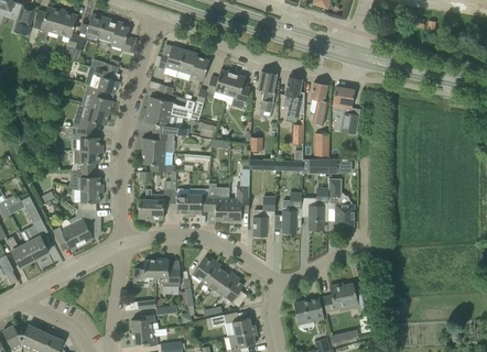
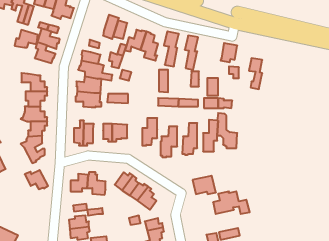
building: [158,46,184,77] -> none
building: [310,82,327,123] -> [249,58,262,89]
building: [77,107,108,130] -> [15,30,38,47]
building: [208,184,229,222] -> none
building: [52,224,83,250] -> [25,170,48,189]
building: [293,297,324,321] -> [193,176,216,194]

